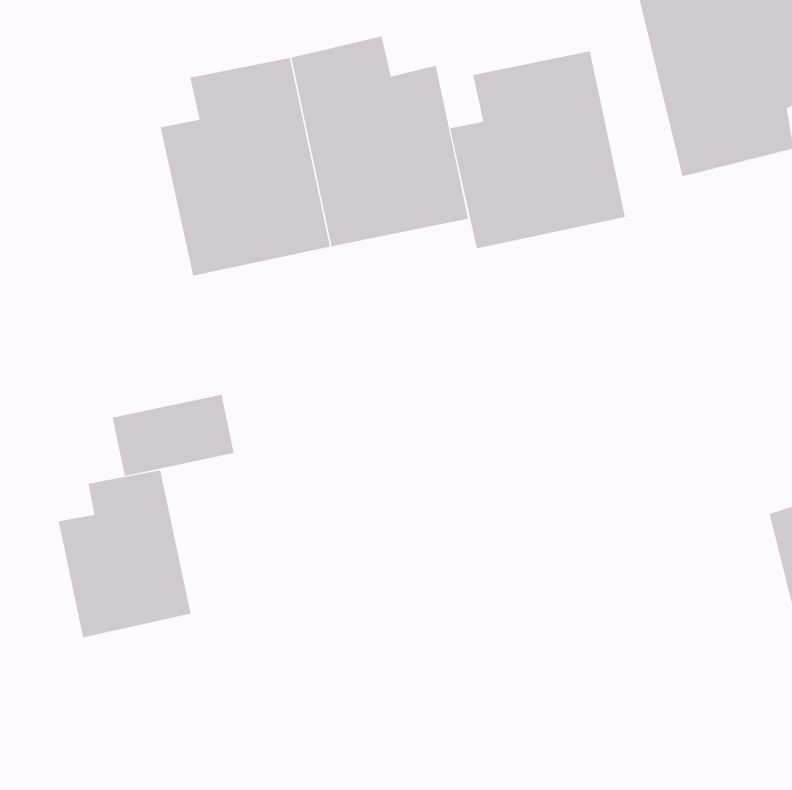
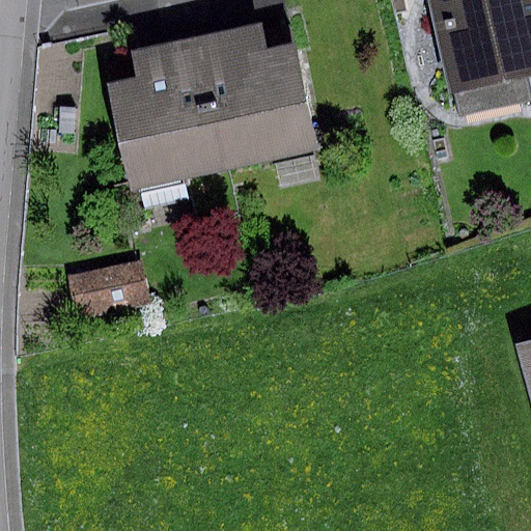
building: [450,50,626,249] -> none
building: [58,470,191,638] -> none

